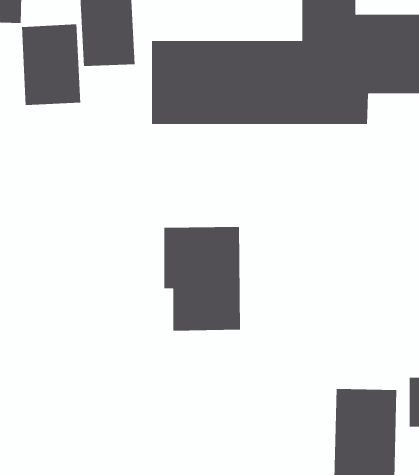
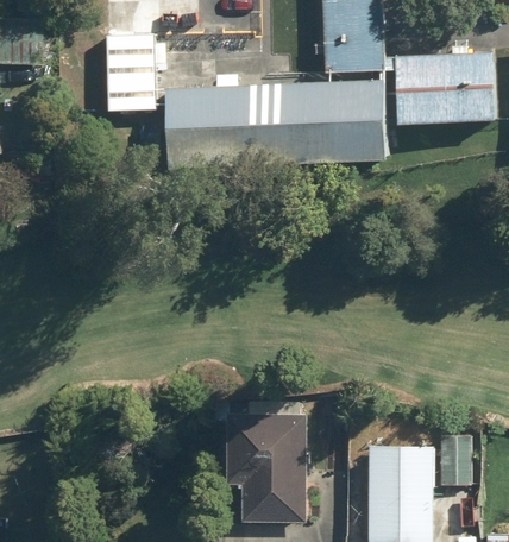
building: [21,24,81,106] -> none
building: [164,226,241,331] -> [226,412,307,522]

